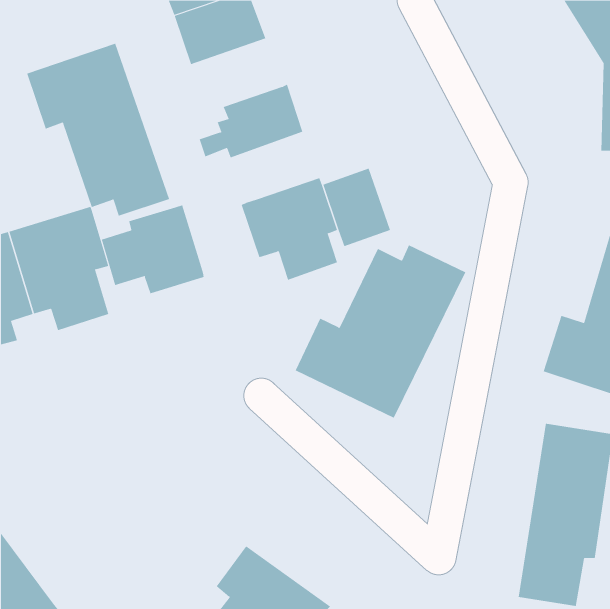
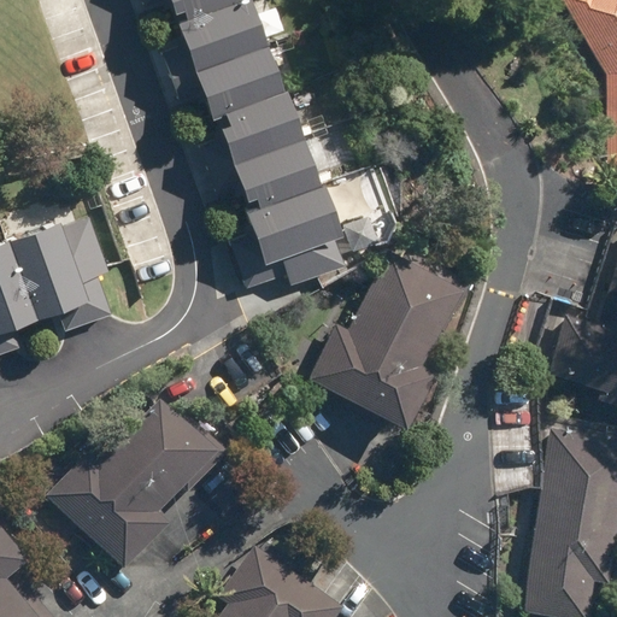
building: none -> [194,42,287,117]
building: [26,43,170,217] -> none
building: none -> [234,136,324,204]
building: [101,204,204,294] -> none
building: none -> [54,393,228,575]

